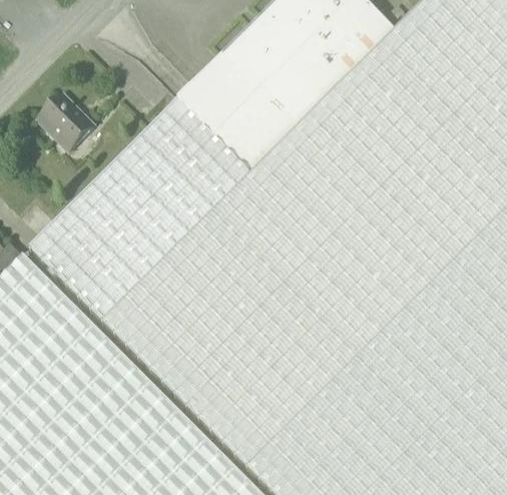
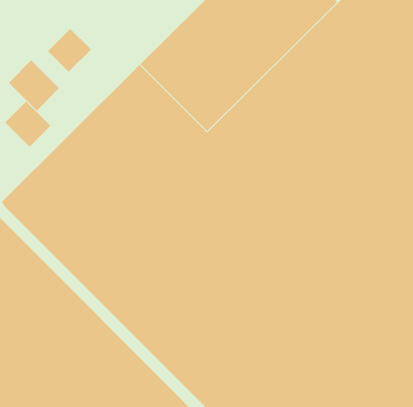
building: none -> [47,28,92,73]
building: none -> [4,101,51,148]

